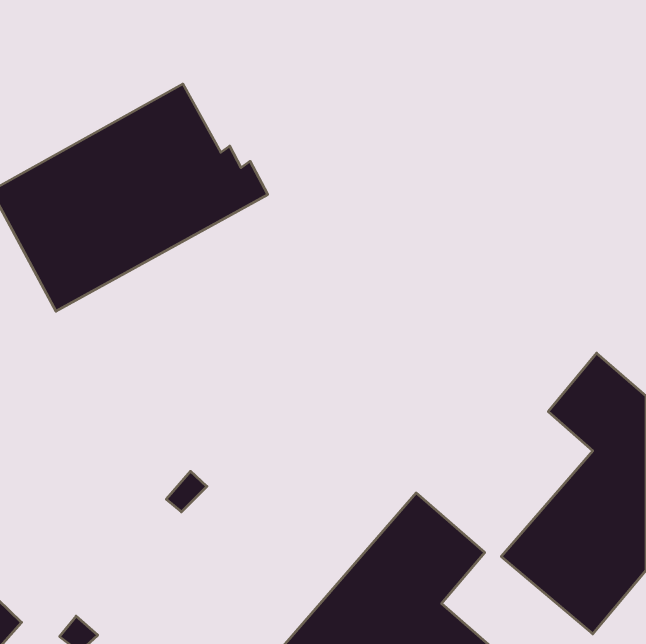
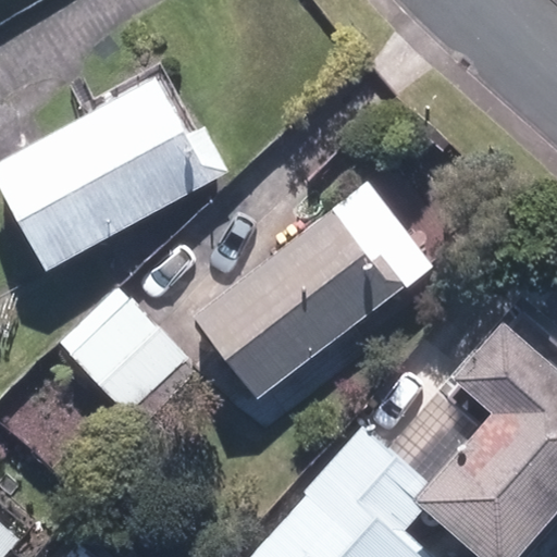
building: none -> [199,211,410,398]
building: none -> [61,289,187,417]

